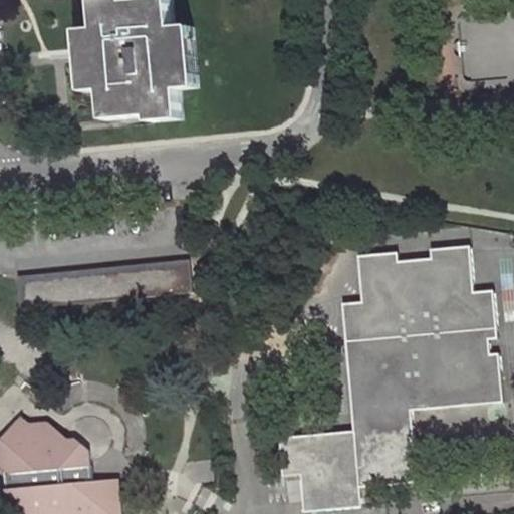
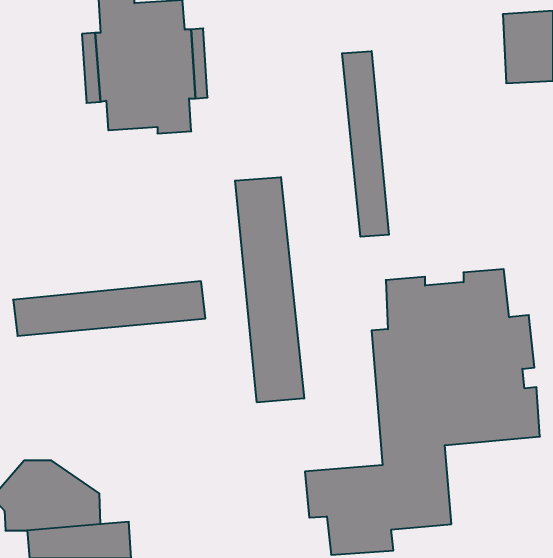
building: none -> [342,51,389,237]
building: none -> [235,177,304,402]

